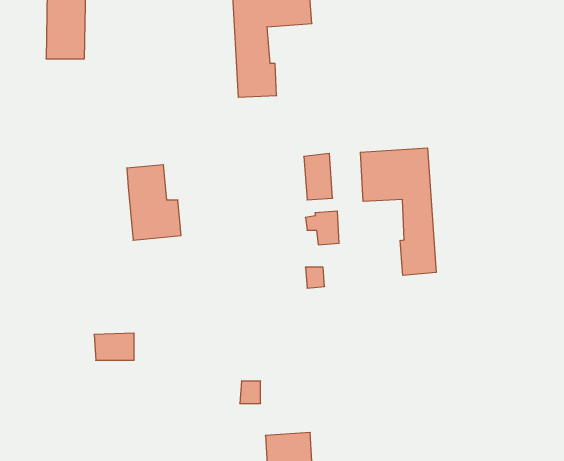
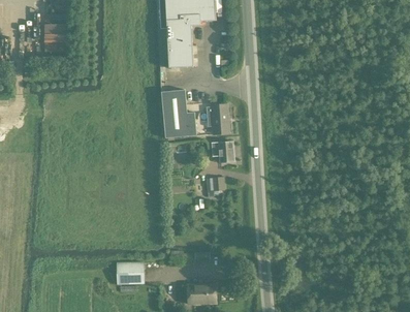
building: [360,148,436,275] -> none
building: [127,165,181,240] -> [160,89,195,137]
building: [94,333,134,360] -> [116,261,141,279]

